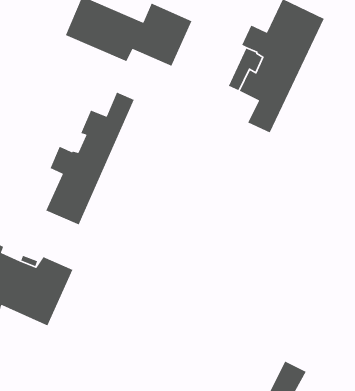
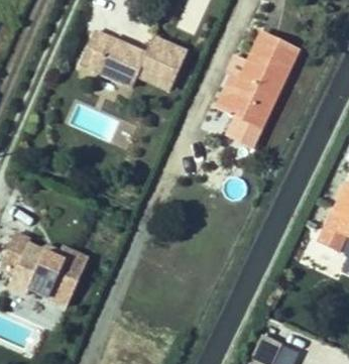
building: [45,91,135,225] -> none

